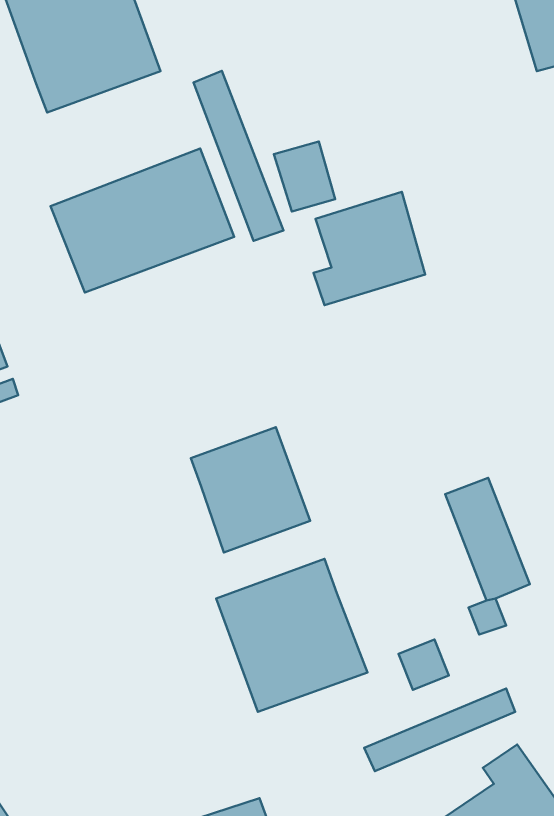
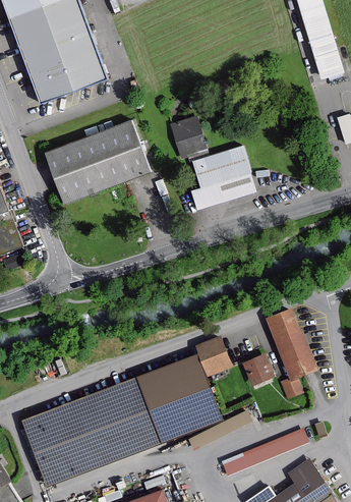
building: [194,71,283,241] -> none
building: [191,427,310,552] -> none
building: none -> [195,337,230,374]
building: none -> [23,377,161,483]
building: [398,639,449,690] -> [243,354,272,383]

